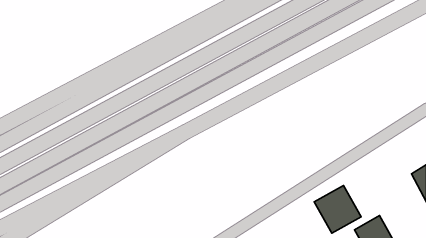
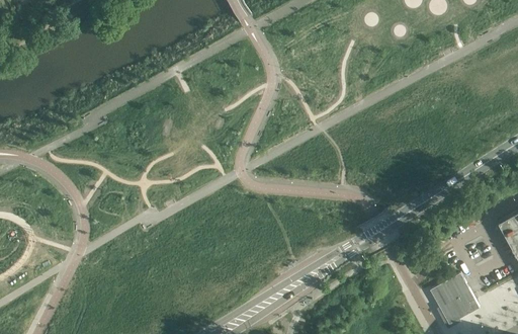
building: [314,186,361,233] -> none

